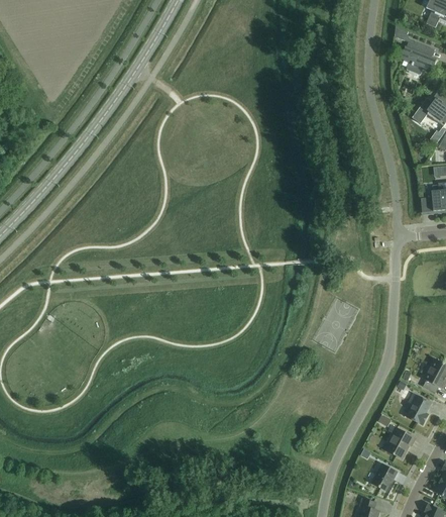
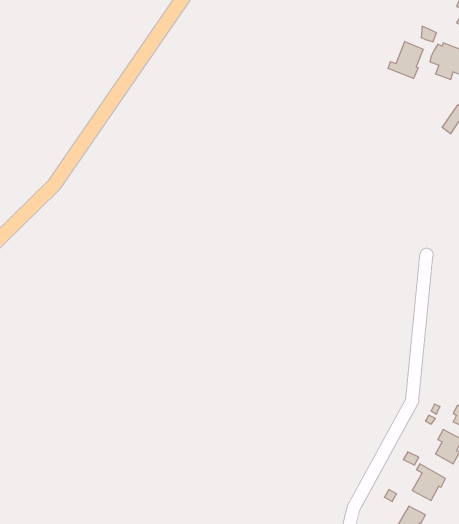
building: none -> [388,41,423,78]

